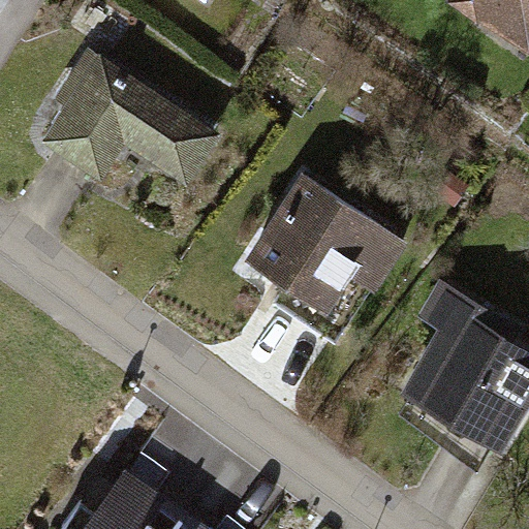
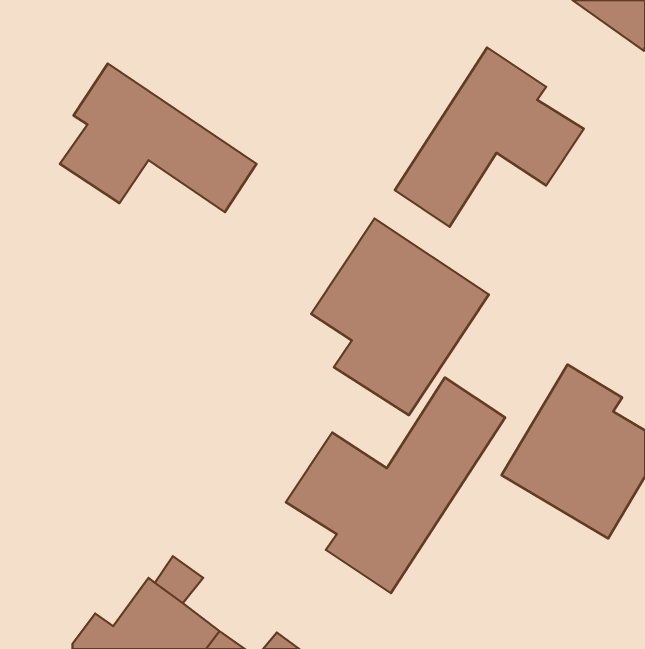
building: none -> [395,48,584,227]
building: none -> [286,377,505,593]

